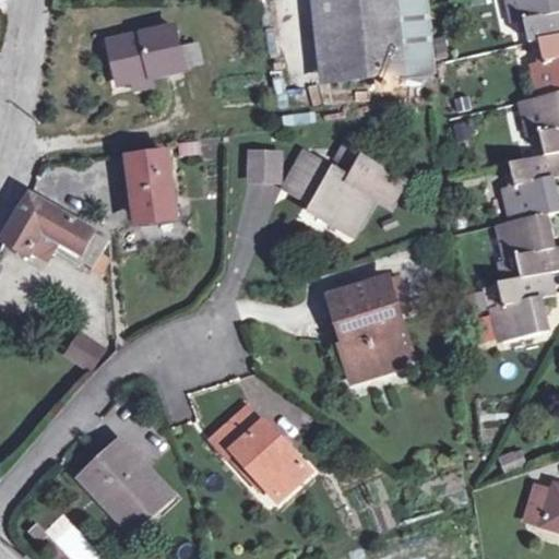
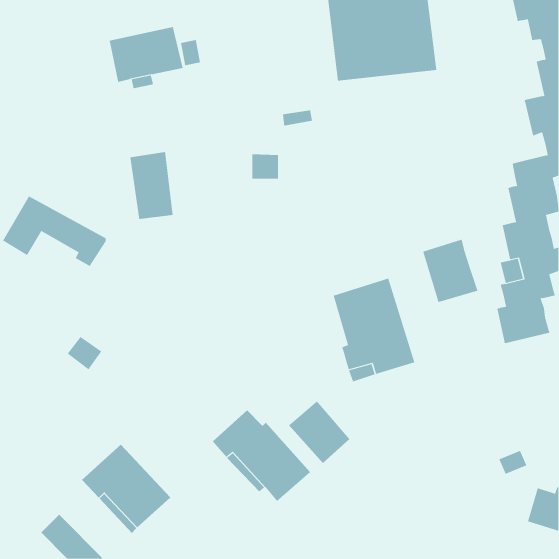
building: [285,139,401,231] -> none
building: none -> [422,239,478,303]
building: none -> [288,400,350,464]

